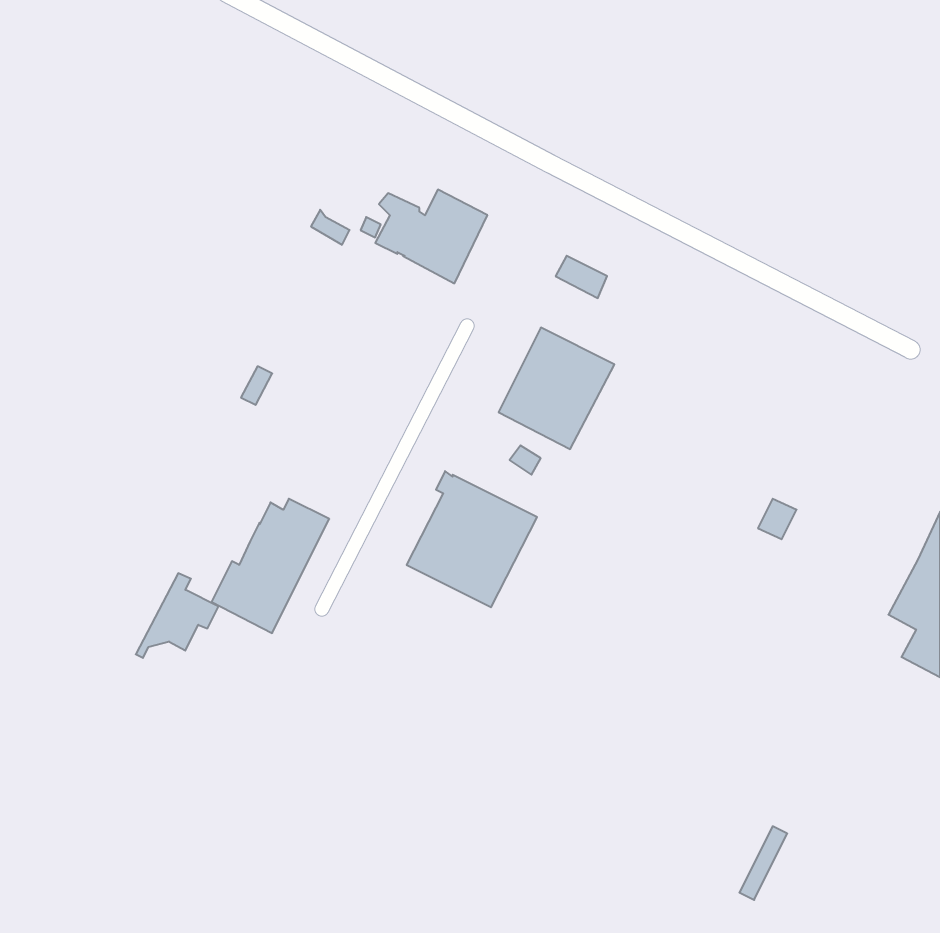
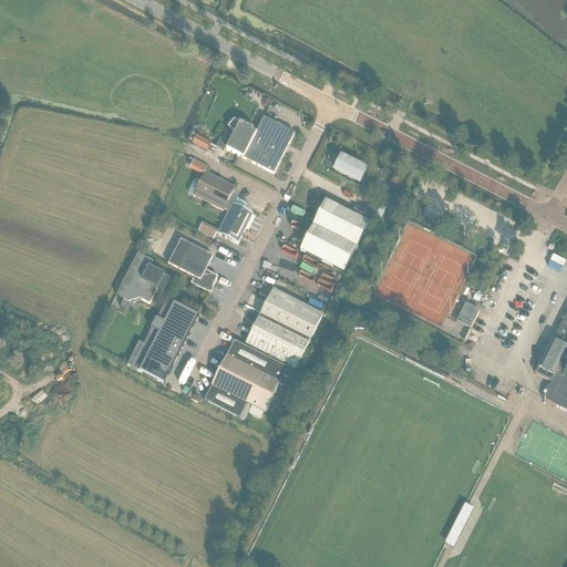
building: none -> [188,171,252,240]
building: none -> [168,237,218,290]
building: none -> [204,338,287,419]
building: [136,573,219,658] -> [120,255,169,306]

